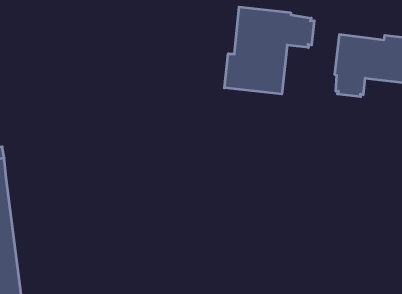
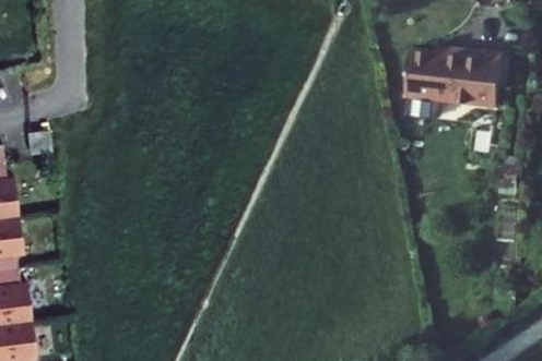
building: [224,7,314,94] -> none

